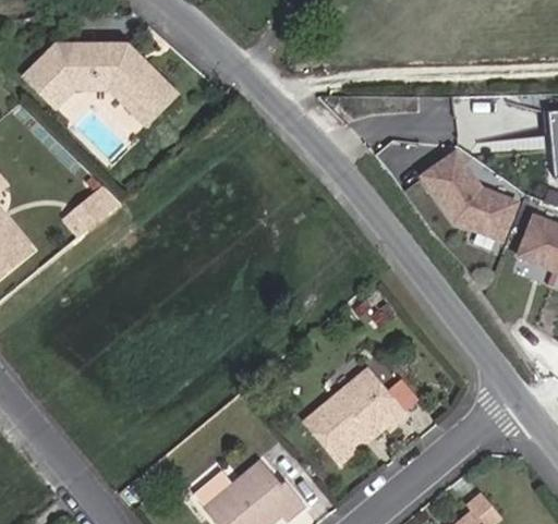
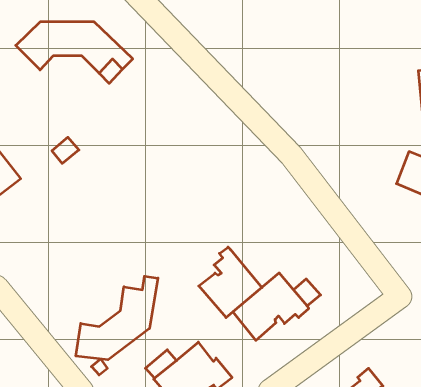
building: [422,153,513,237] -> none
building: none -> [199,247,262,318]
building: none -> [76,276,158,360]

